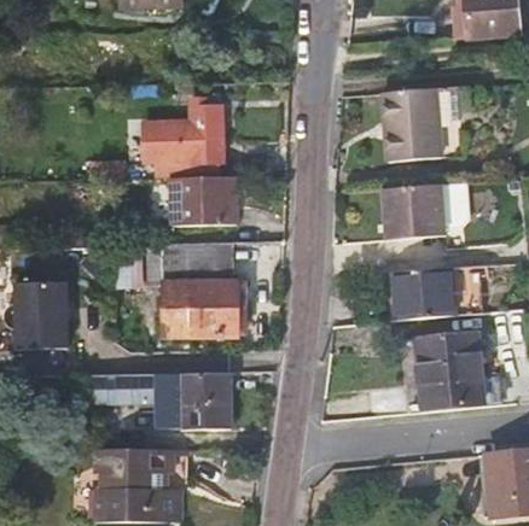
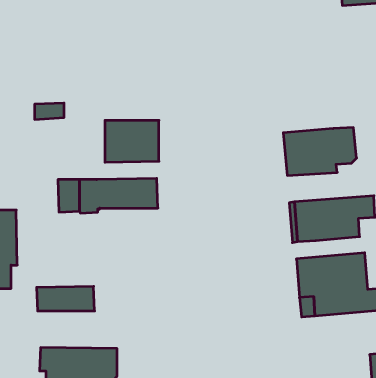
building: [383,87,482,162] -> none
building: [144,99,223,177] -> none
building: [163,280,239,333] -> none
building: [158,370,232,428] -> none

